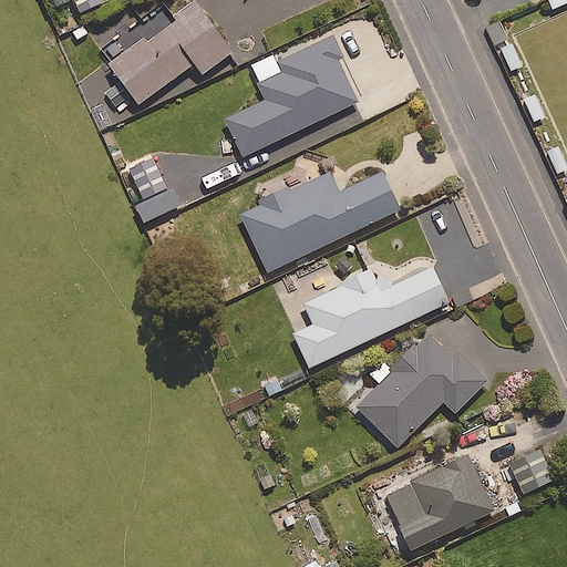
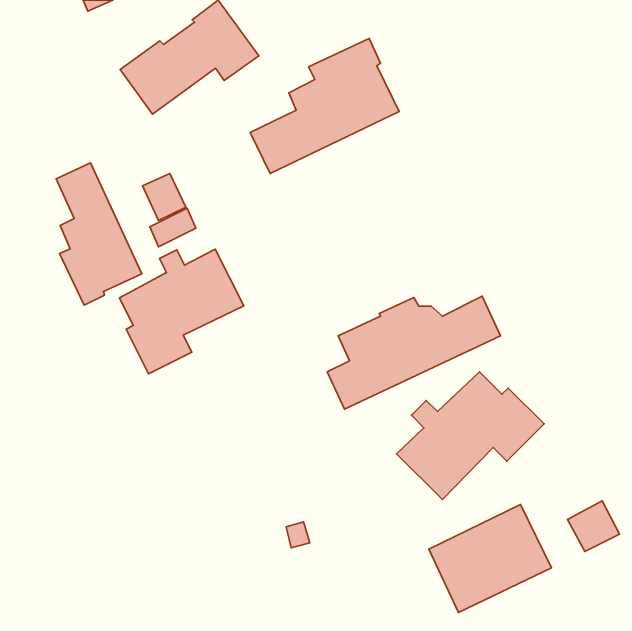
building: none -> [56,163,142,305]
building: [240,172,400,272] -> none
building: none -> [119,249,244,374]

